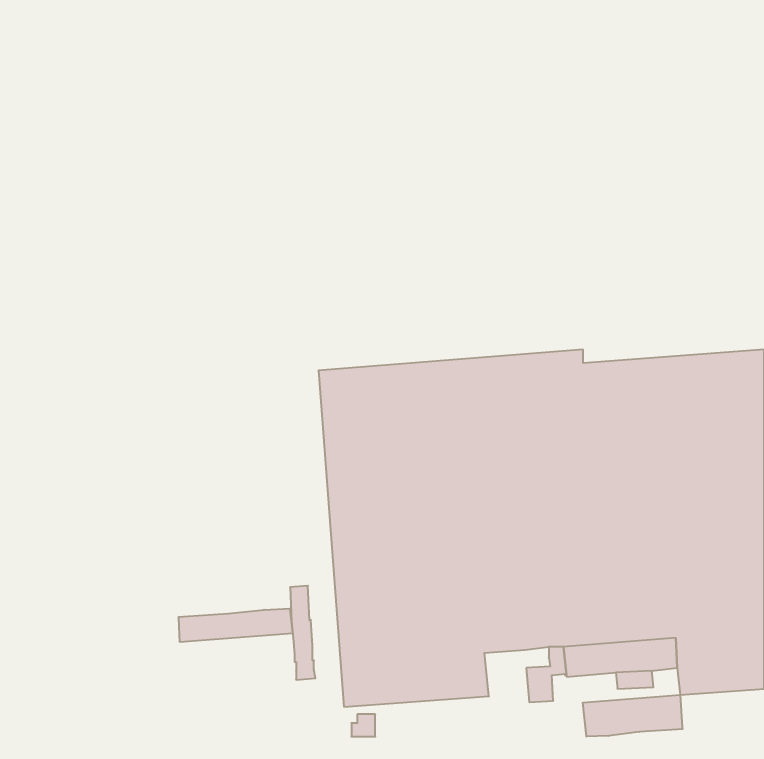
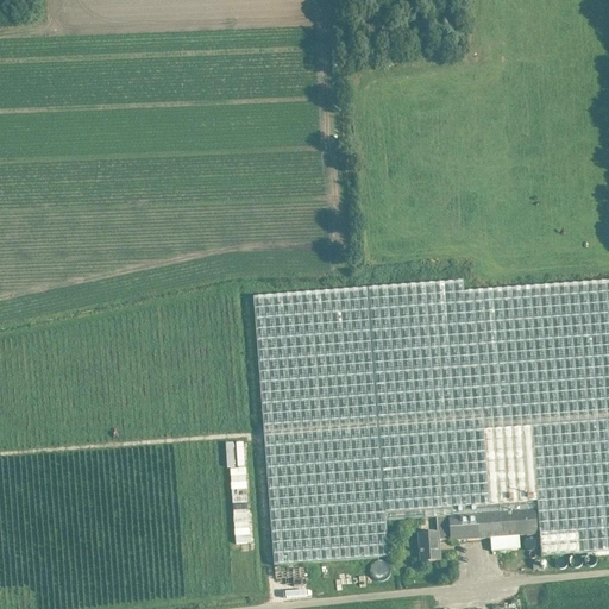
building: [179,609,293,642] -> none
building: [583,695,683,737] -> none

